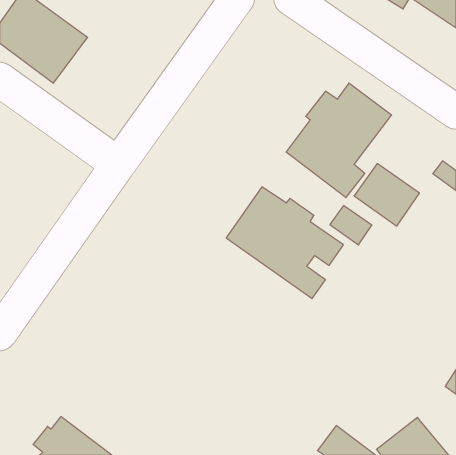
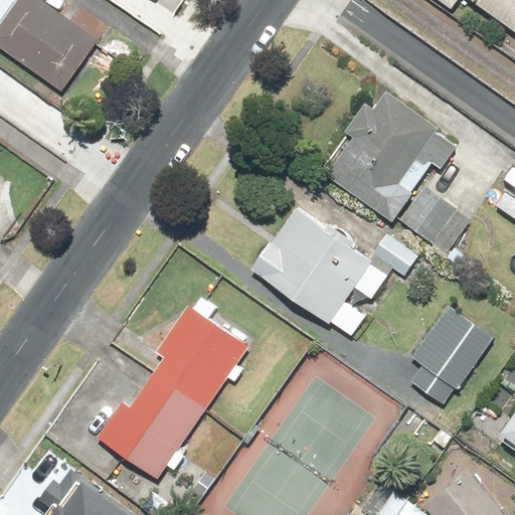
building: none -> [97,299,249,480]
building: none -> [410,308,493,402]

